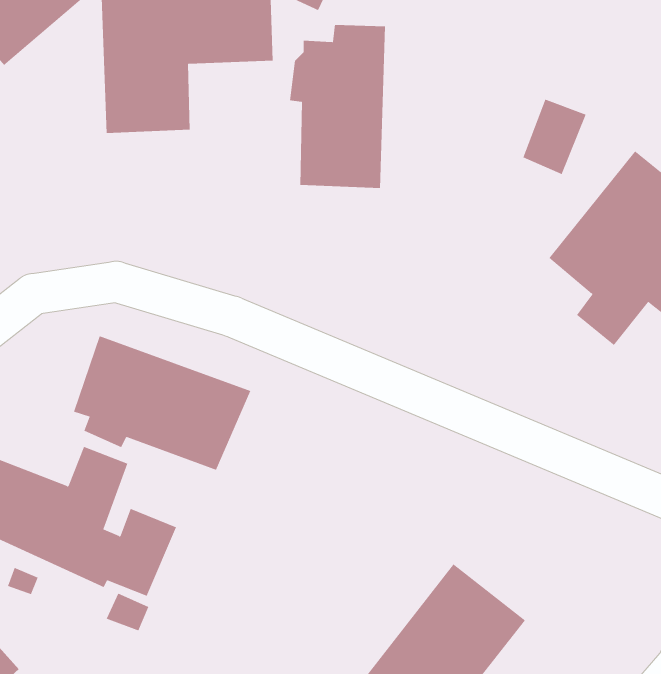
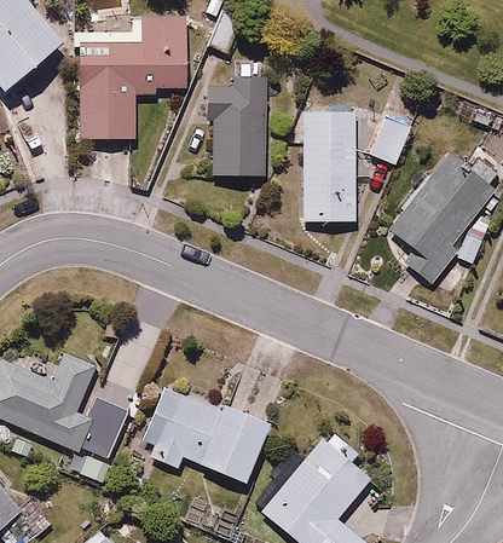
building: none -> [302,105,359,233]
building: [73,336,251,470] -> [143,389,267,484]

